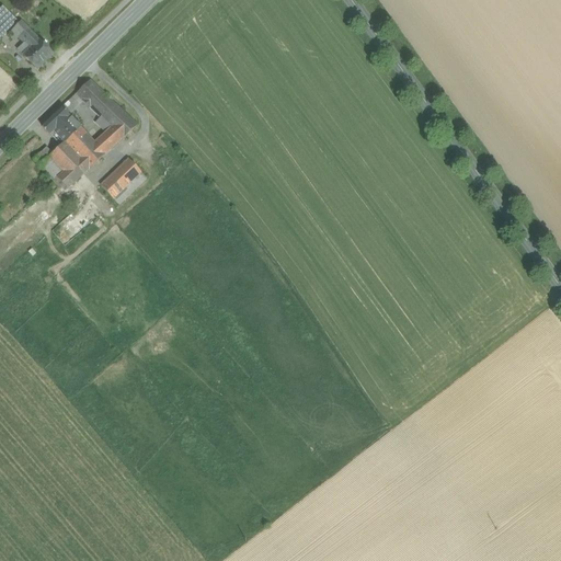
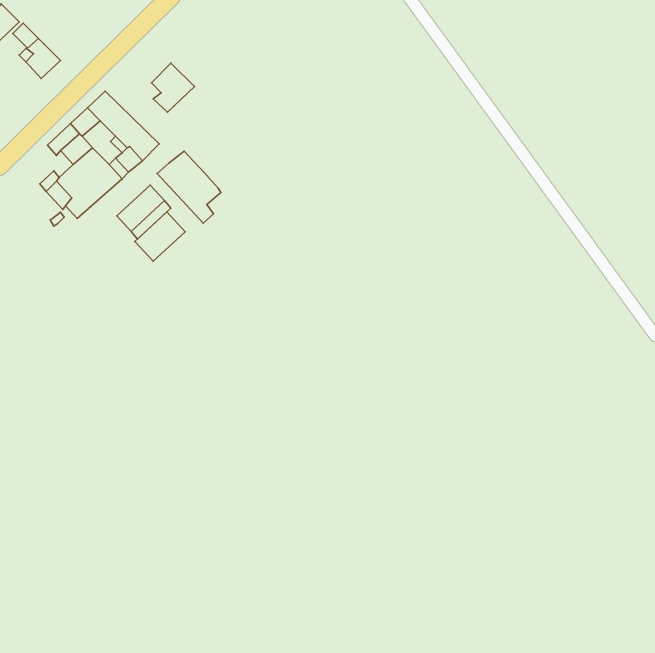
building: none -> [152,63,195,112]
building: none -> [157,151,221,223]
building: none -> [135,212,185,261]

